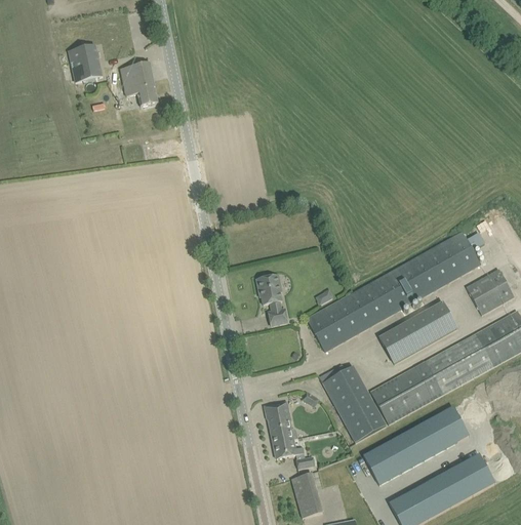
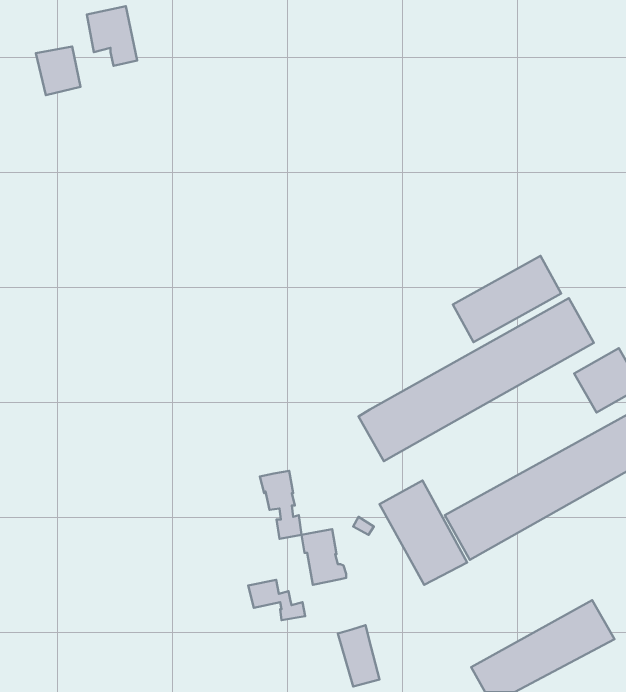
building: [121,62,158,106] -> [87,6,137,66]
building: [256,275,287,325] -> [260,471,302,539]
building: [378,300,458,364] -> [453,256,561,342]
building: [363,406,470,484] -> none
building: [273,438,315,468] -> [248,580,305,620]

